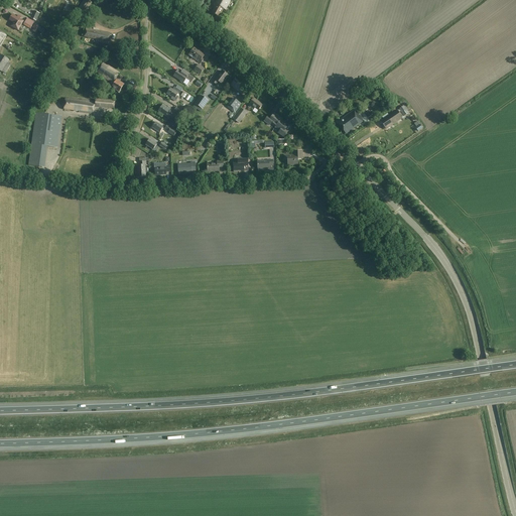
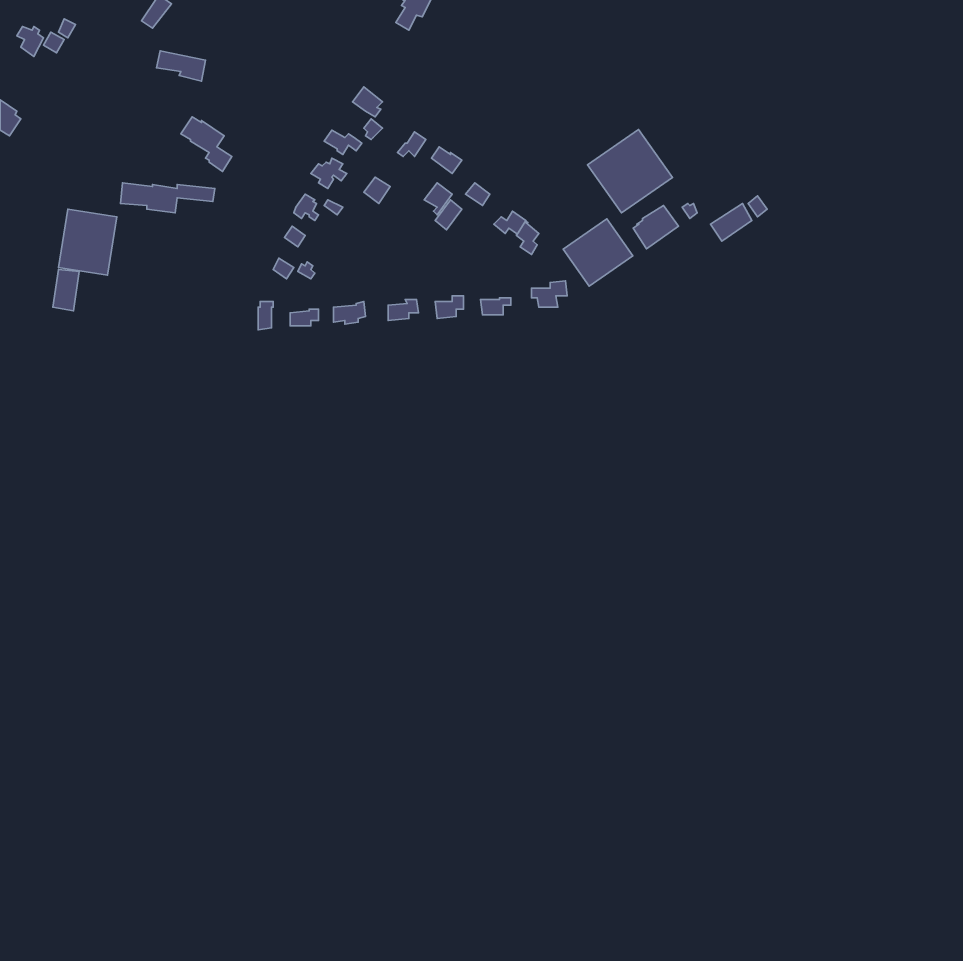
building: none -> [588,129,672,213]
building: none -> [563,219,633,286]

